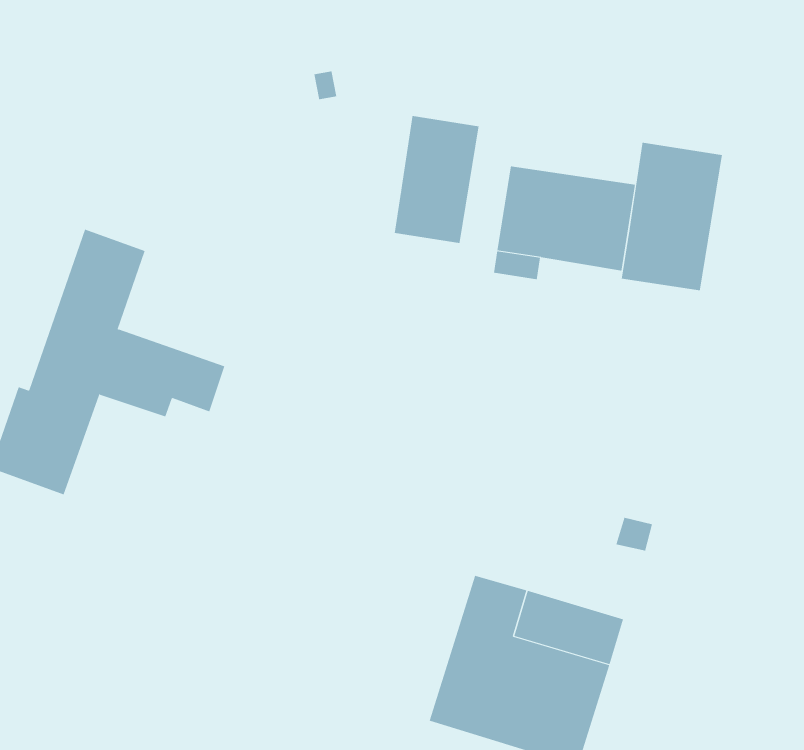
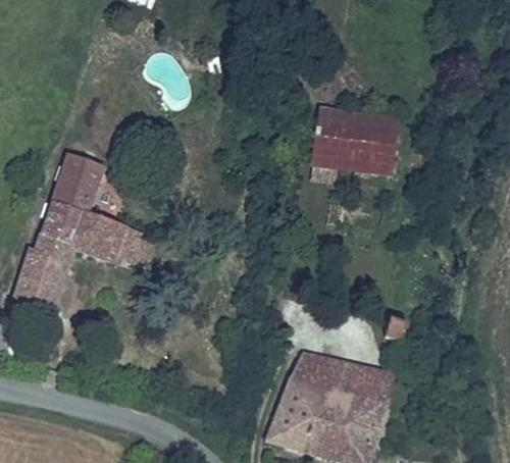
building: [394,115,479,244] -> none
building: [621,142,722,291] -> none

